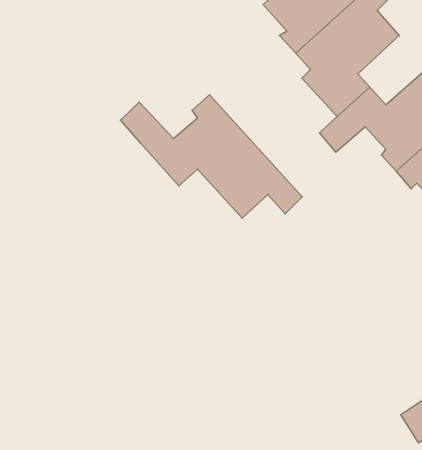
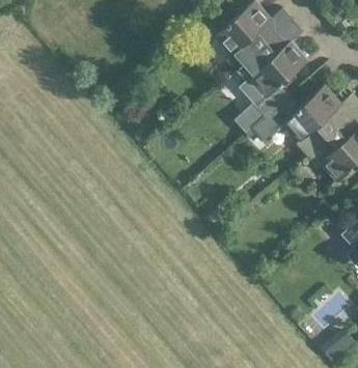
building: [120,95,302,218] -> none

